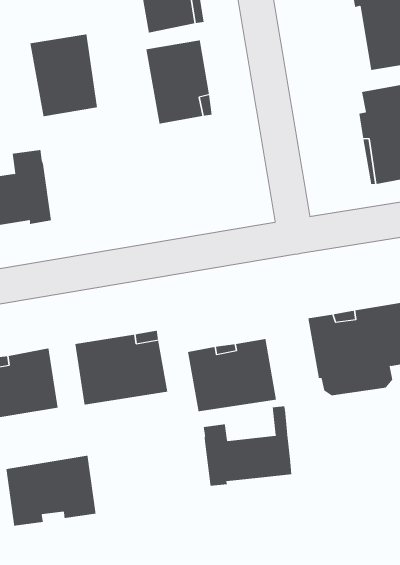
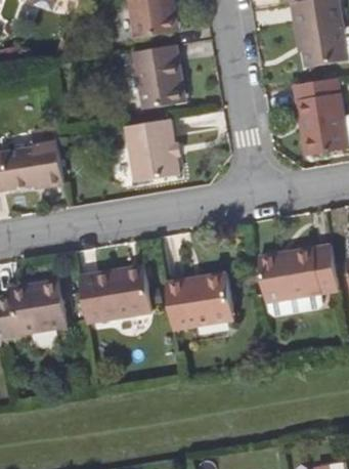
building: [30,34,98,117] -> [126,118,178,181]
building: [203,406,292,486] -> none
building: [6,455,96,526] -> none

